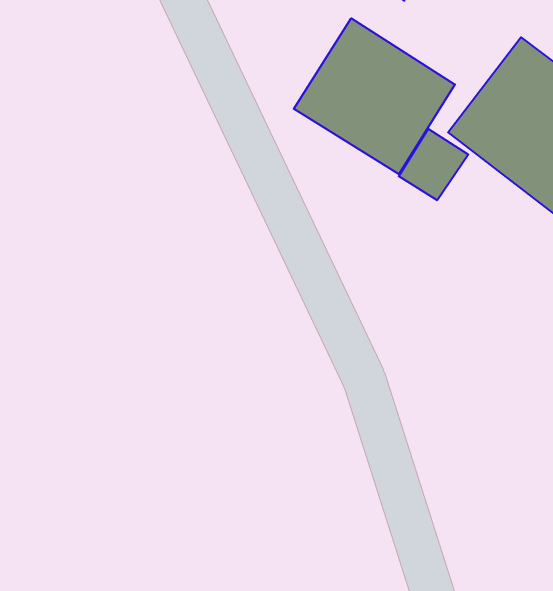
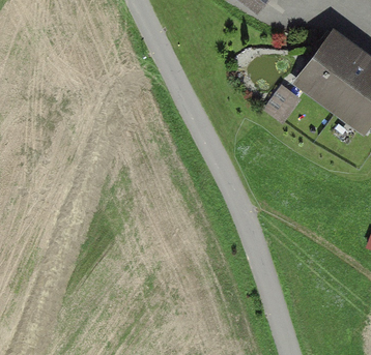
building: [294,18,455,174] -> none

